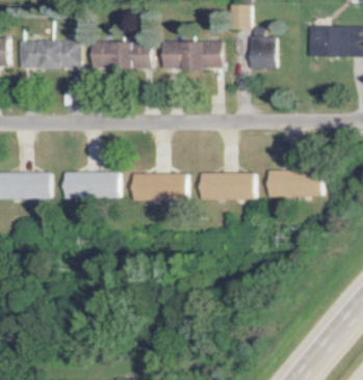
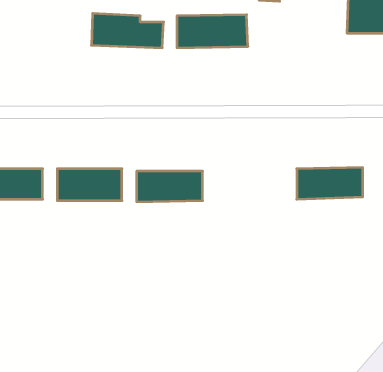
building: [249,36,276,69] -> none
building: [19,42,81,70] -> none
building: [197,173,253,200] -> none

